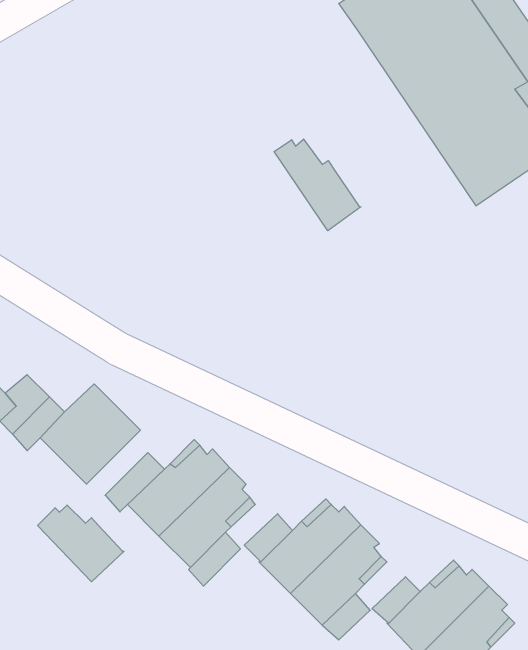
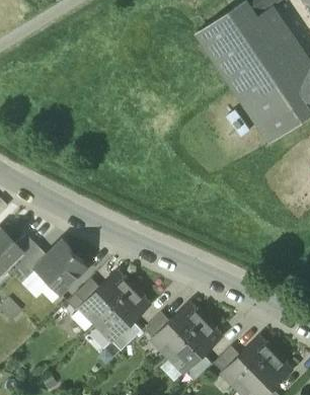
building: [274,139,361,231] -> none
building: [38,505,124,582] -> none

